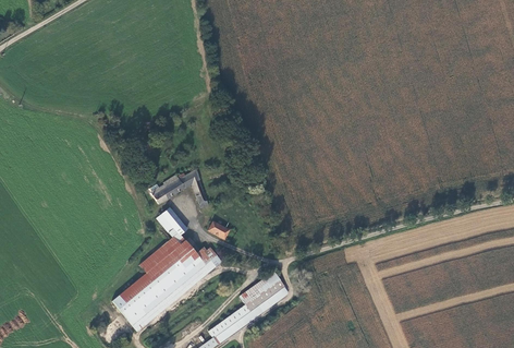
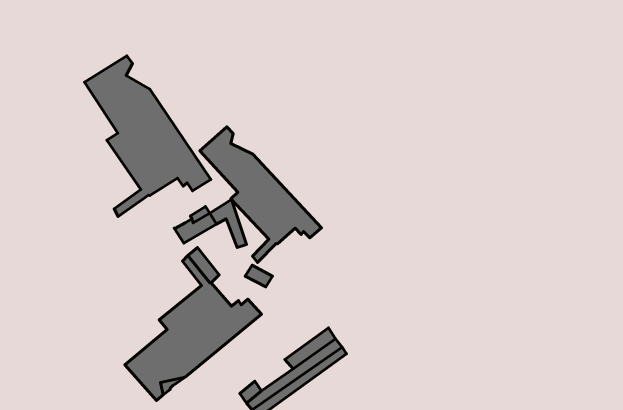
building: none -> [84,56,211,216]
building: none -> [200,127,322,262]

